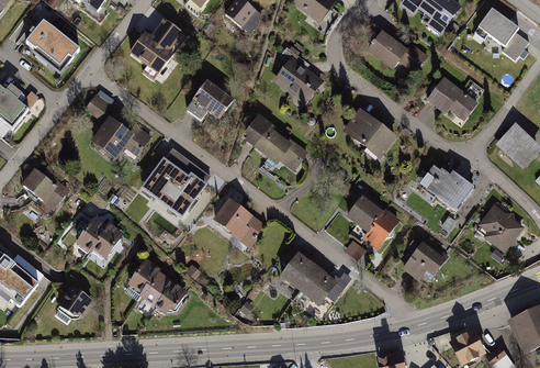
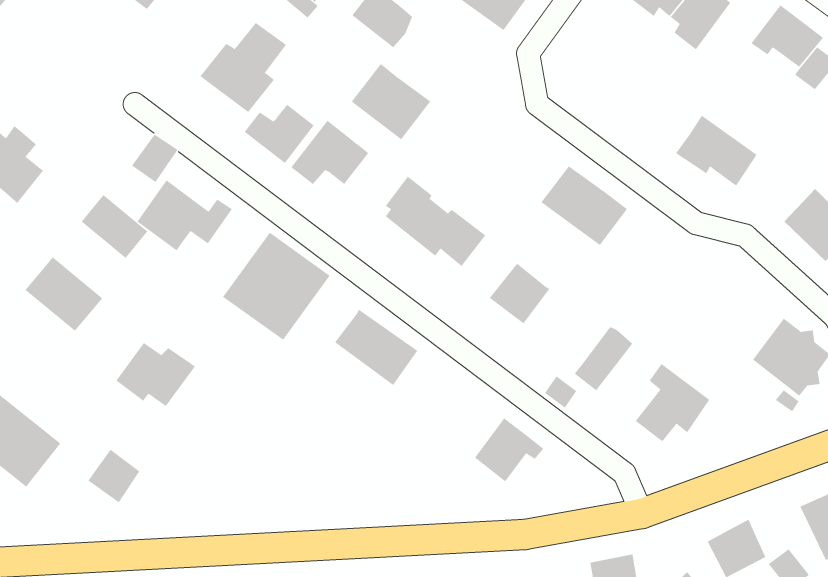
building: [26,21,79,69] -> none
building: [368,30,428,73] -> none
building: [273,56,324,104] -> [351,63,431,140]
building: none -> [244,104,314,164]
building: none -> [81,194,148,259]
building: [420,165,475,211] -> none
building: [346,194,384,233] -> [489,263,550,324]
building: [280,252,319,291] -> none
building: [126,260,185,314] -> none

